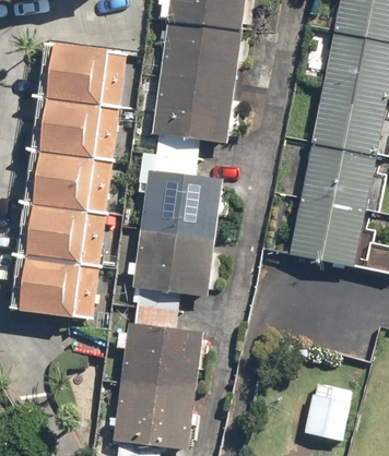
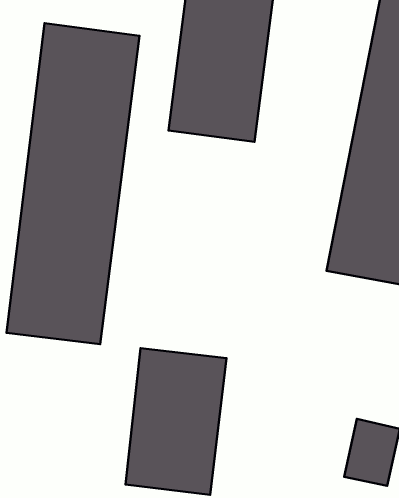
building: [135,168,222,296] -> none

